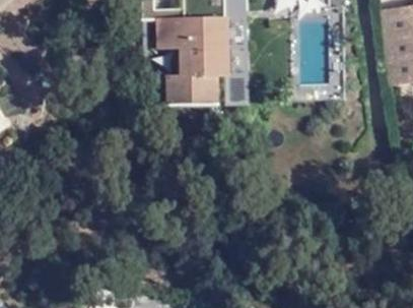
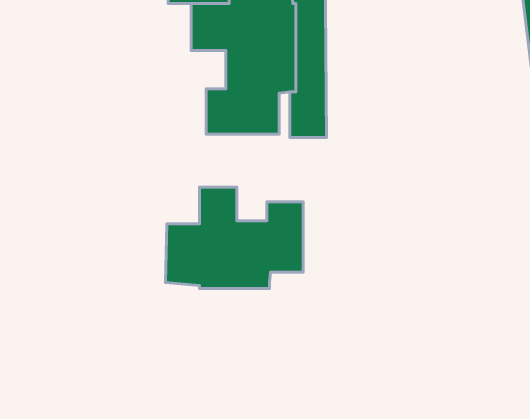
building: none -> [166,187,303,288]

